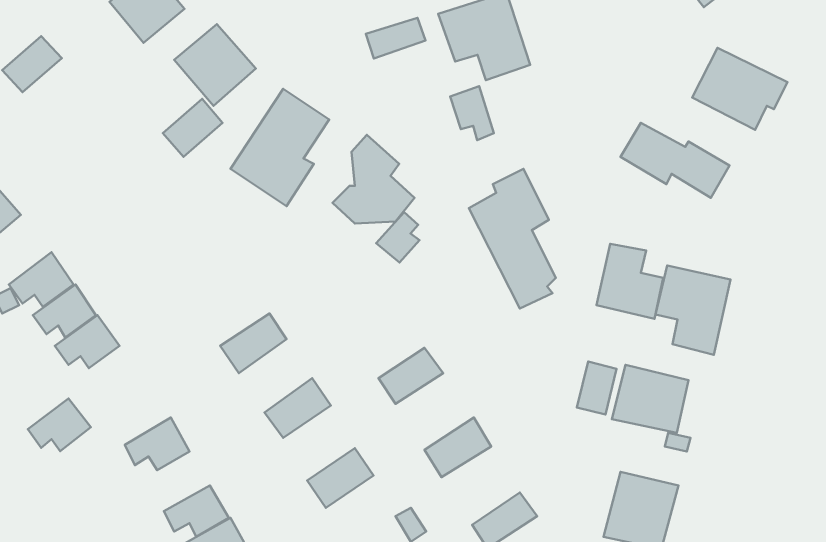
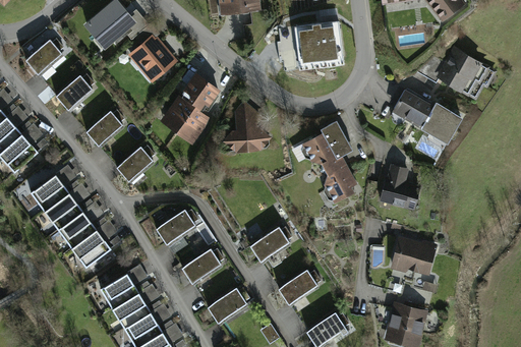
building: [366,18,425,58] -> none
building: [450,86,494,140] -> none
building: none -> [56,76,92,111]
building: [163,99,223,157] -> [86,111,122,146]
building: none -> [117,147,153,181]
building: [376,212,420,262] -> none
building: [655,266,730,355] -> none
building: [577,362,617,415] -> none
building: [28,398,91,451] -> [71,227,109,258]
building: none -> [110,290,149,321]

